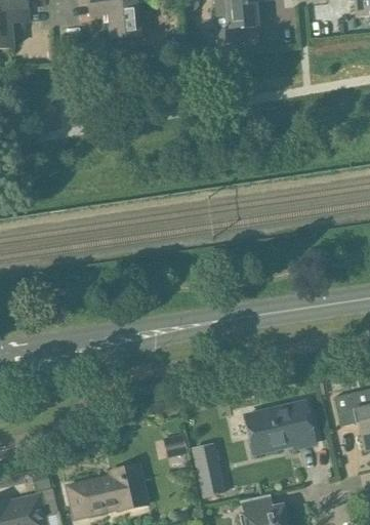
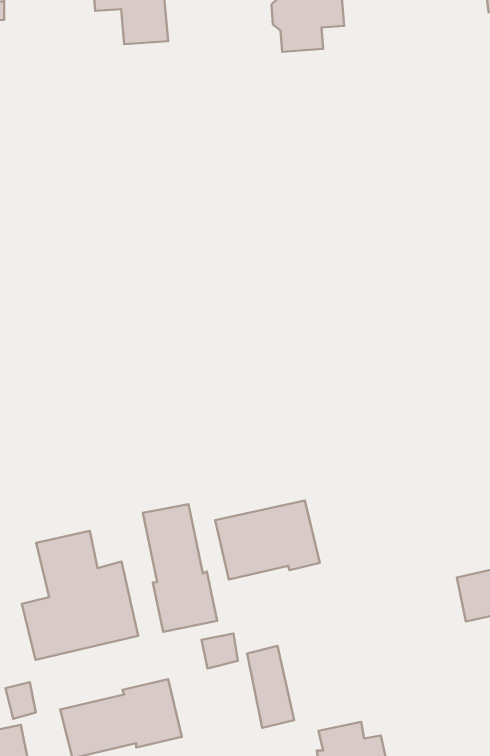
building: none -> [143,504,217,632]
building: none -> [22,531,138,660]
building: [245,402,316,455] -> [215,500,320,579]

